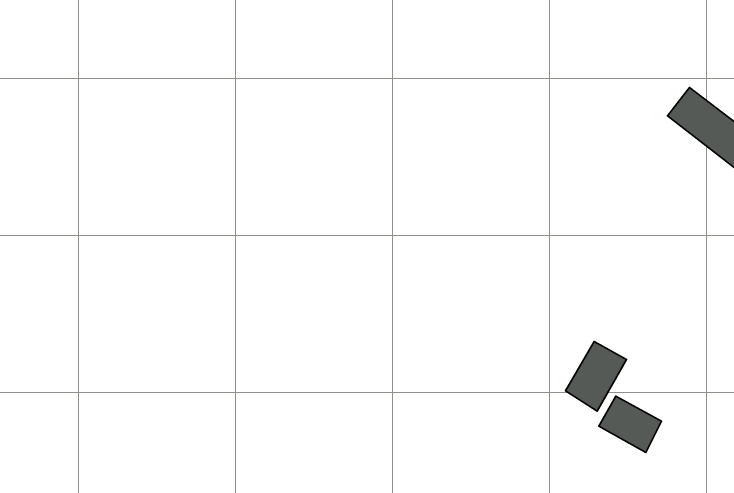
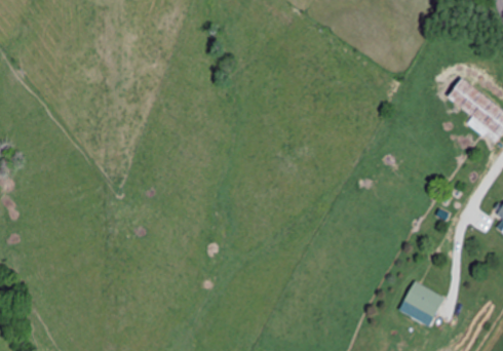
building: [565,341,627,411] -> none

